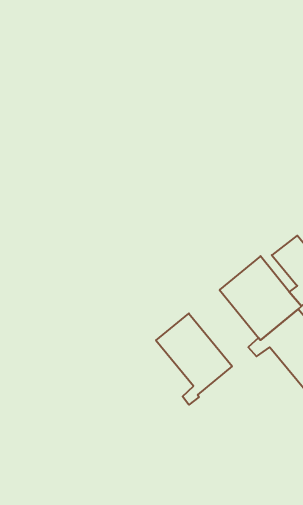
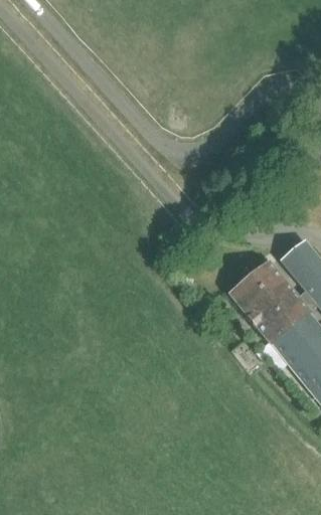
building: [156,313,232,405] -> none

